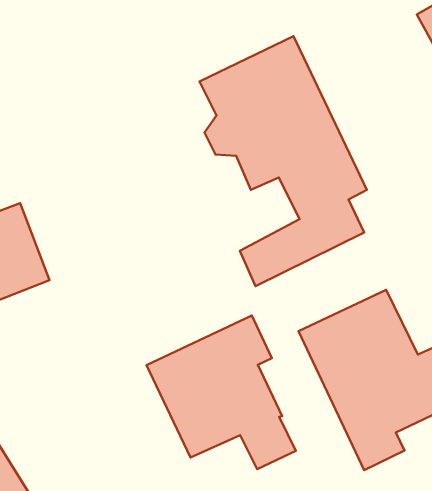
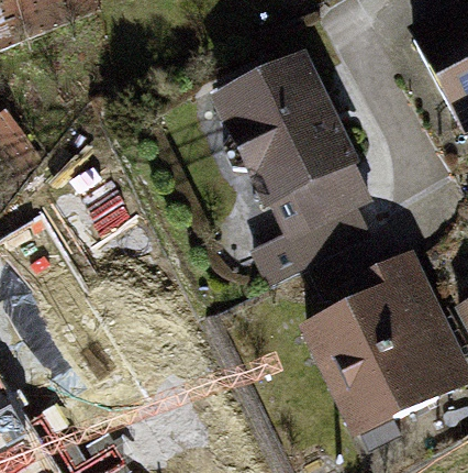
building: [147,315,296,469] -> none

